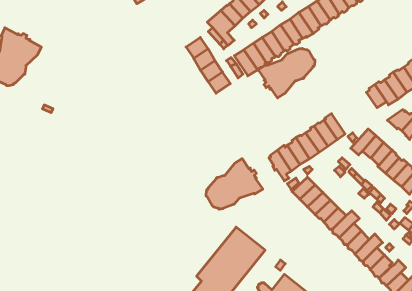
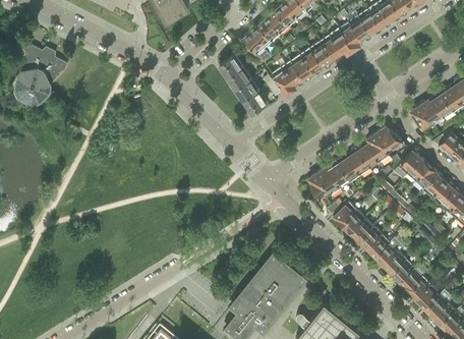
building: [258,48,315,98] -> none
building: none -> [374,128,407,157]
building: [206,159,263,209] -> none

